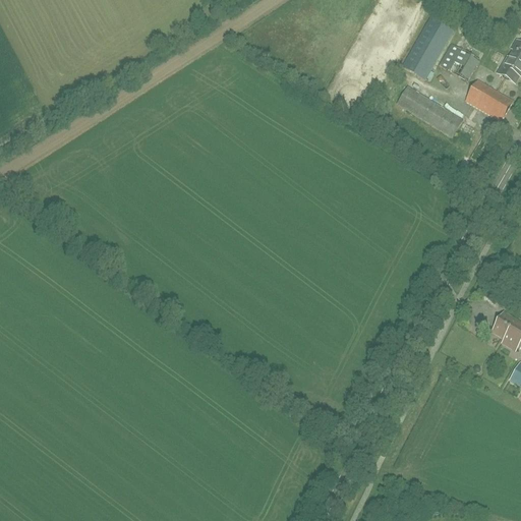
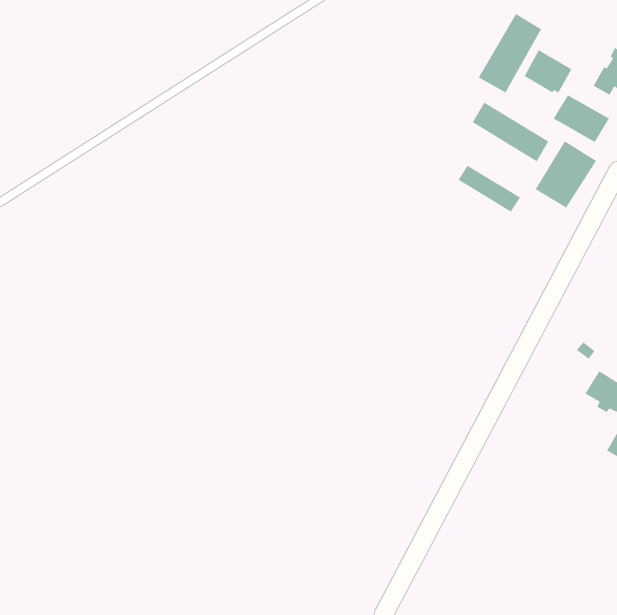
building: none -> [535,141,597,209]
building: none -> [458,165,521,213]

